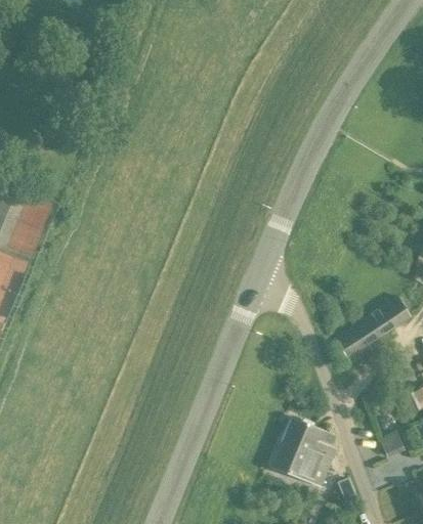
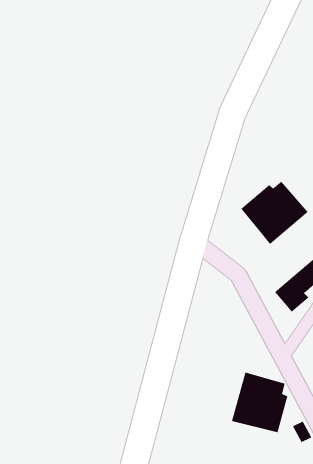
building: none -> [240,181,308,245]

